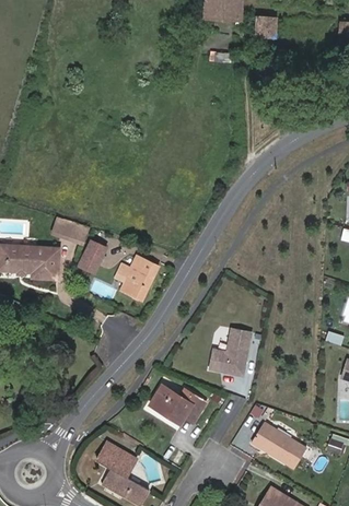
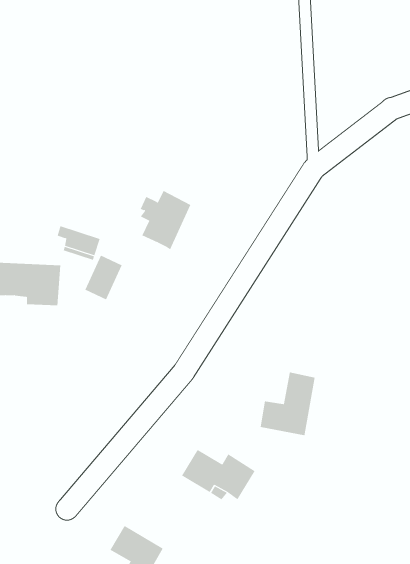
building: [119,255,158,299] -> [140,190,191,250]
building: [252,422,299,463] -> none

